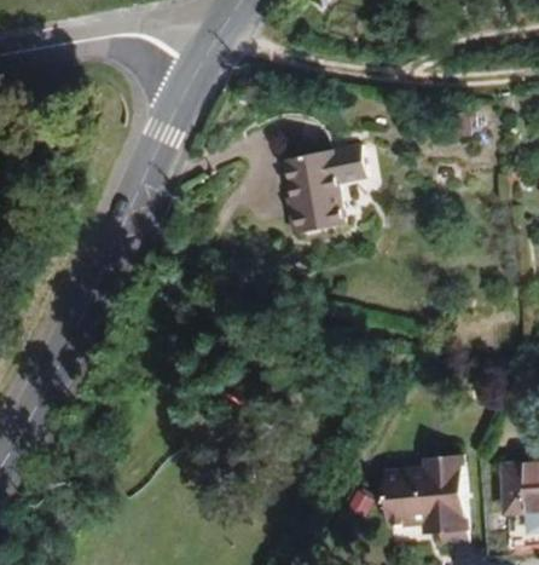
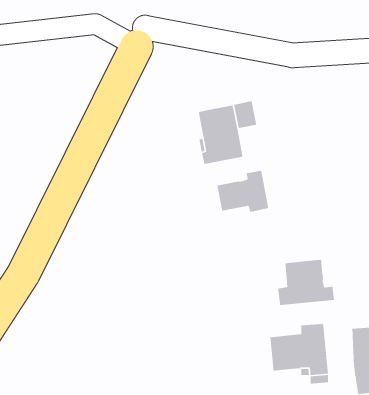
building: none -> [216,170,269,213]
building: none -> [277,259,335,306]

